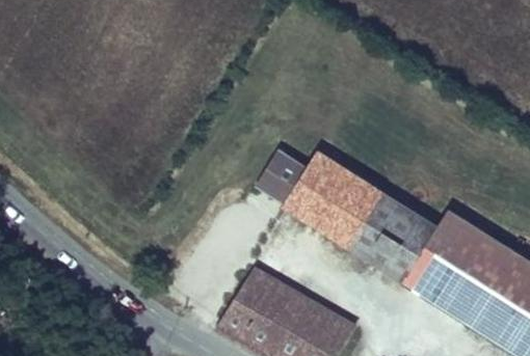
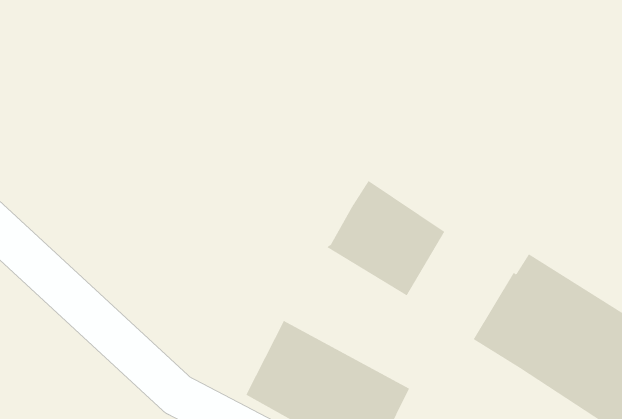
building: [258,152,306,203] -> none
building: [350,193,438,281] -> none

